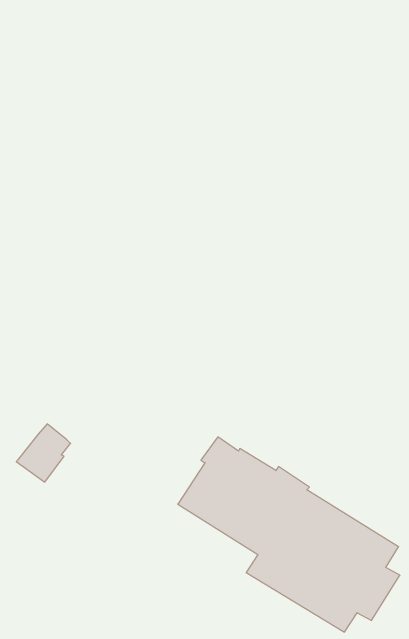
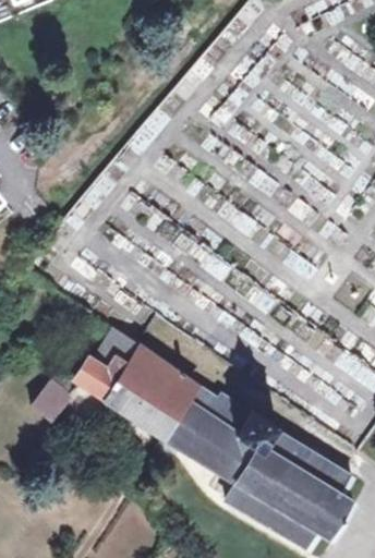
building: none -> [71,328,199,442]

